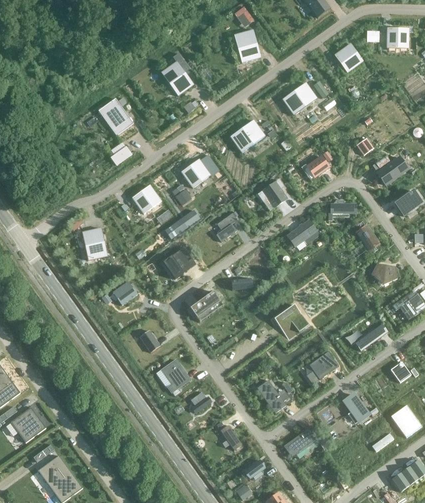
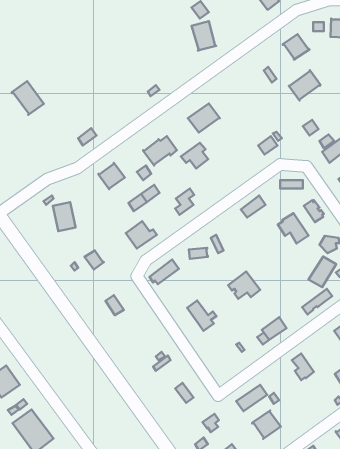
building: [160,54,193,96] -> none
building: [281,82,316,115] -> [289,70,321,100]
building: [97,98,132,135] -> [12,81,44,115]
building: [256,179,286,207] -> [181,143,208,168]
building: none -> [278,213,308,243]
building: none -> [308,256,336,287]
building: [161,359,190,396] -> none
building: [256,380,288,413] -> [187,301,216,331]
building: none -> [252,410,281,439]

